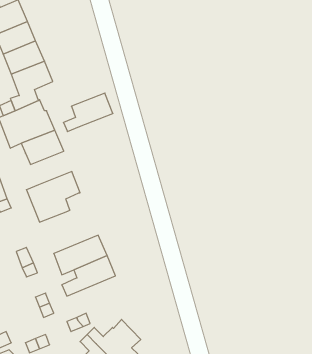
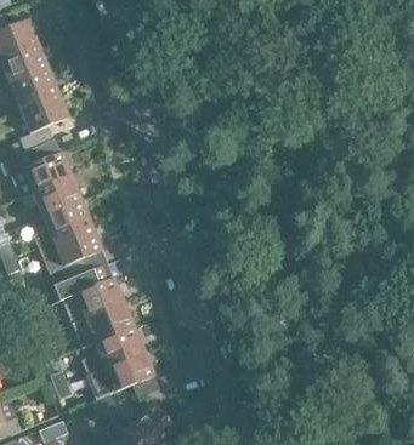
building: [63,93,113,132] -> [34,200,93,246]
building: none -> [44,270,125,323]
building: none -> [85,349,155,398]

